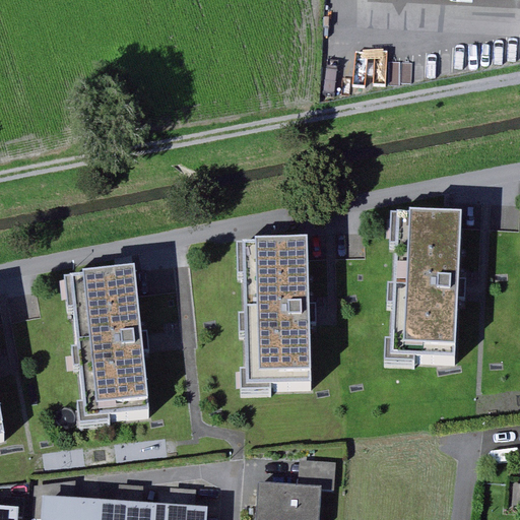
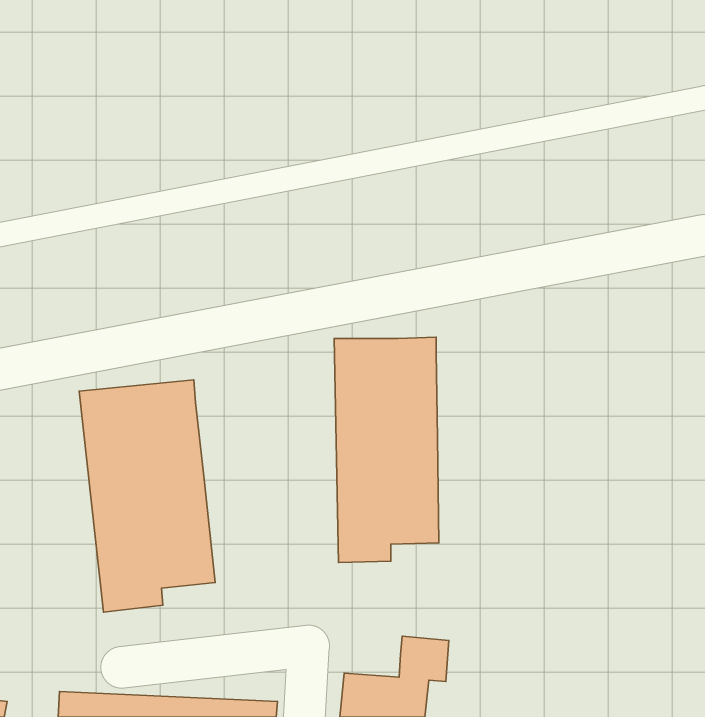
building: [388,215,468,366] -> none

